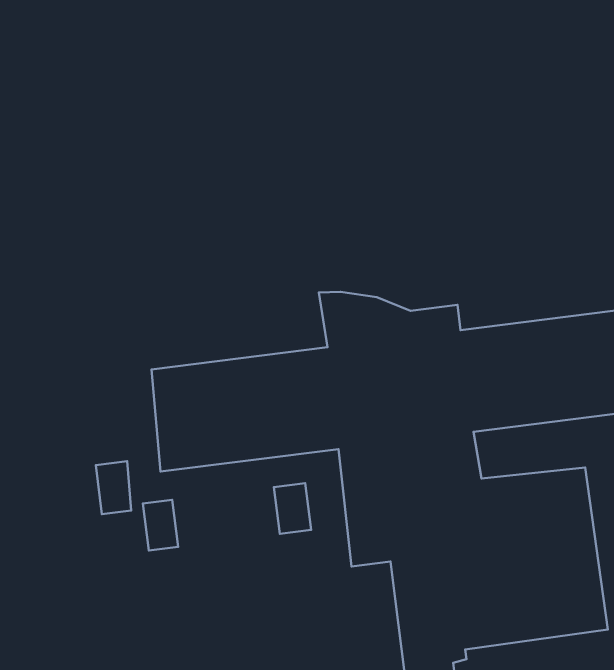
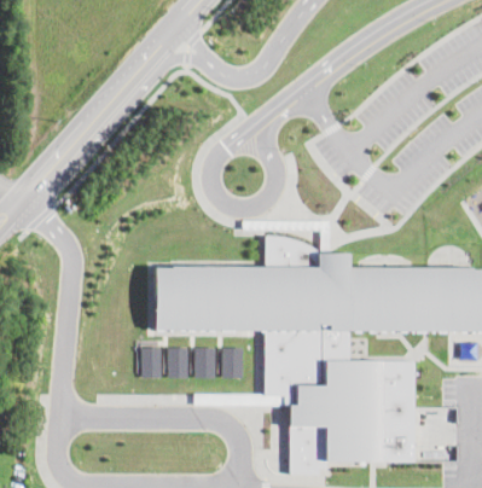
building: [96,461,131,514] -> [168,347,187,377]
building: none -> [194,347,215,377]

